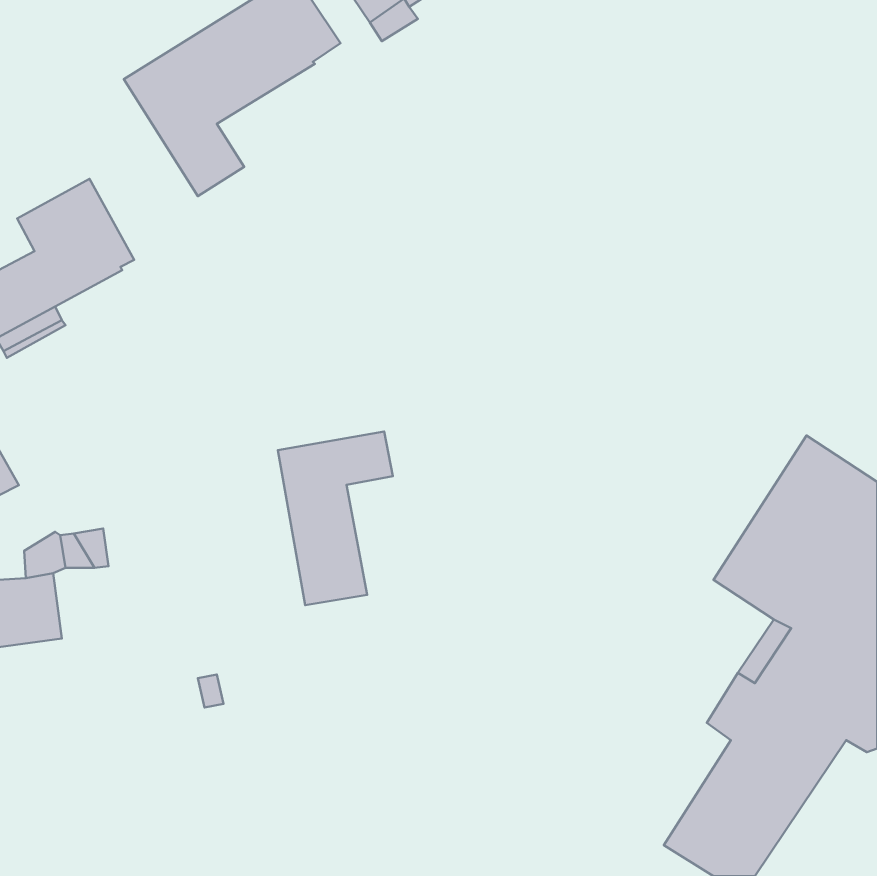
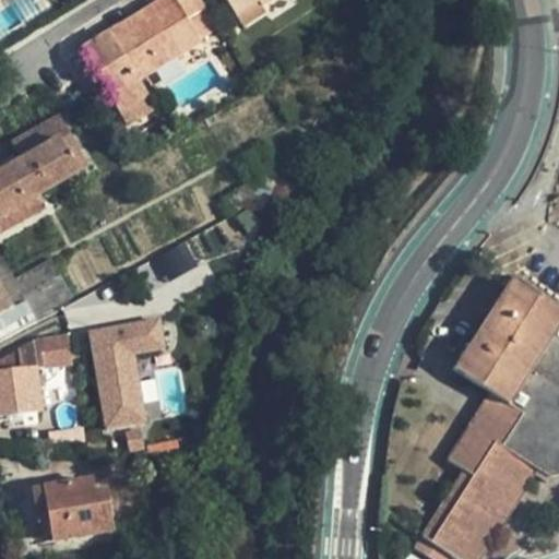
building: [278,431,393,605] -> [90,318,163,428]
building: none -> [32,479,111,539]

